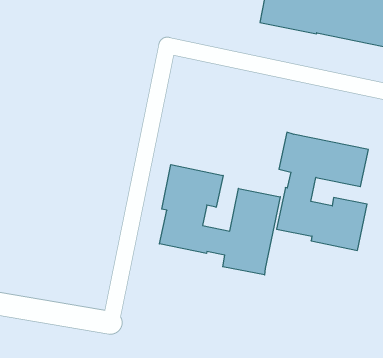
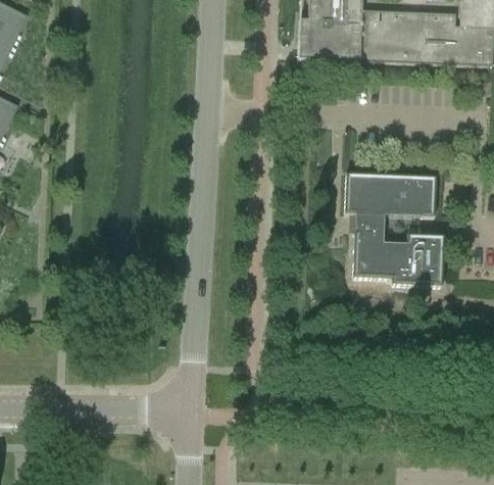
building: [159,165,280,275] -> none

